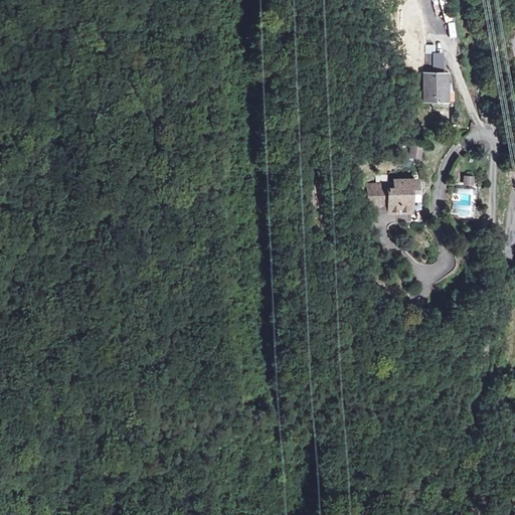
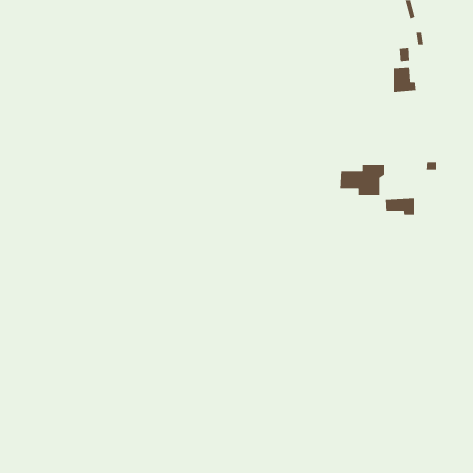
building: none -> [385,198,415,215]

